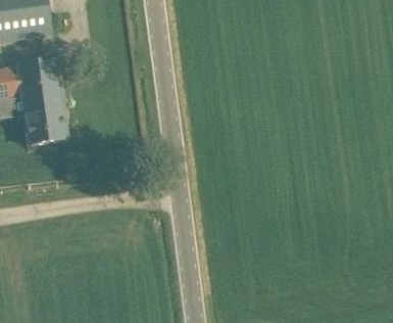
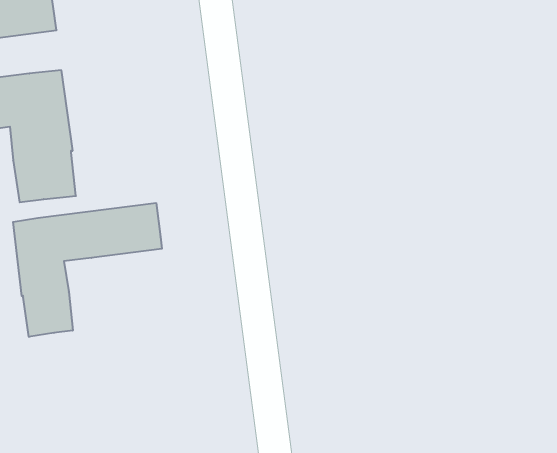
building: none -> [13,203,162,337]

